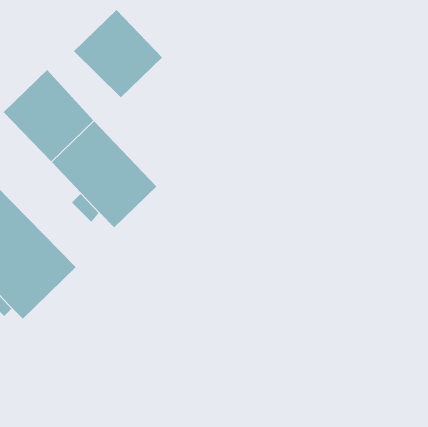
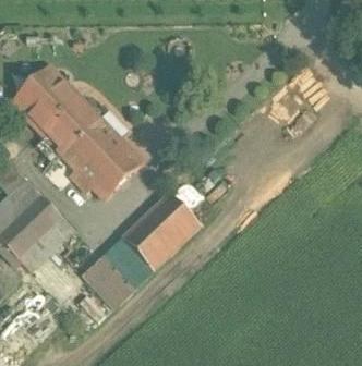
building: [73,9,163,98] -> none
building: none -> [83,193,201,307]

